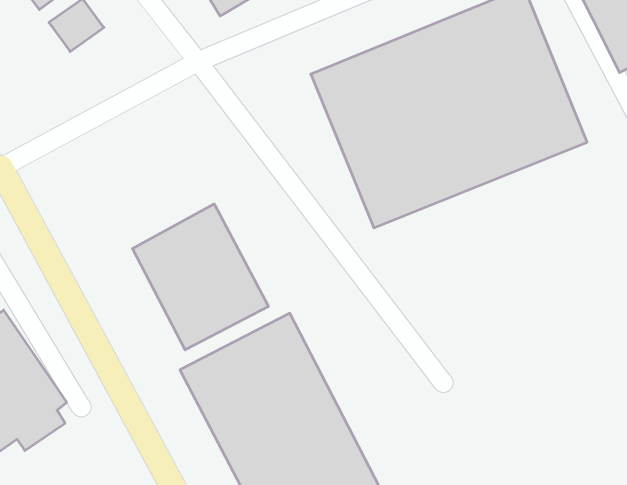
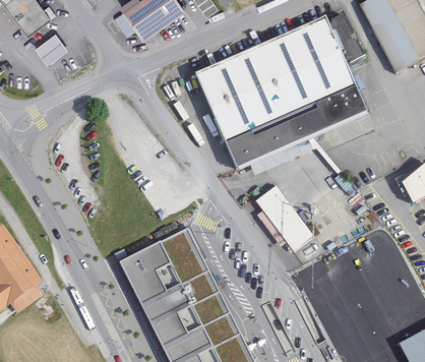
building: [132,204,268,350] -> none
building: none -> [254,184,316,251]

